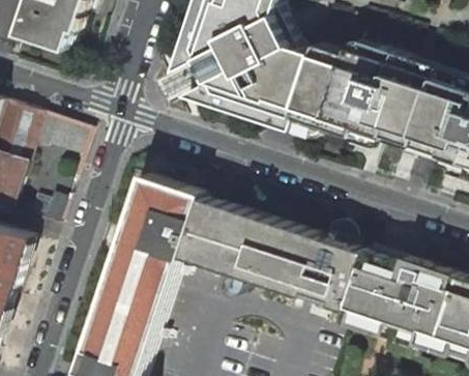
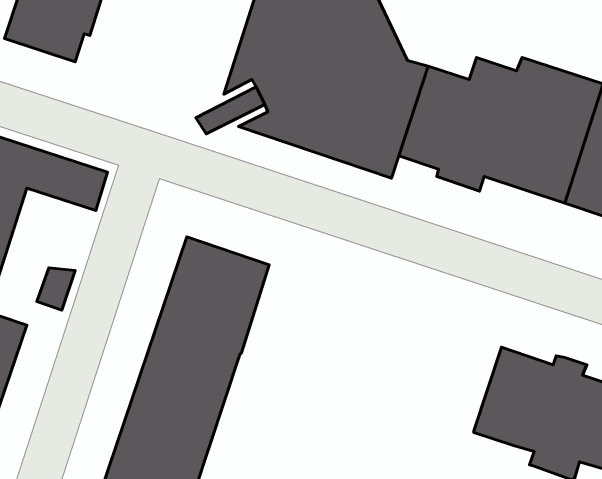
building: [180,197,364,311] -> none

